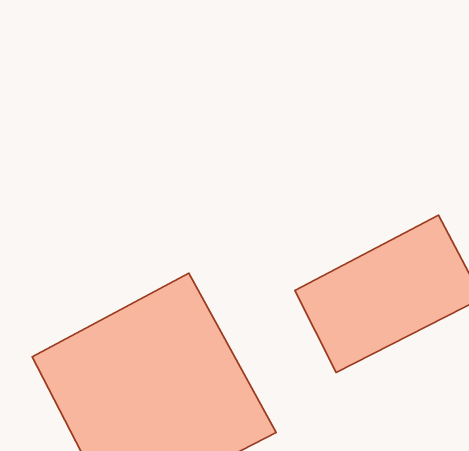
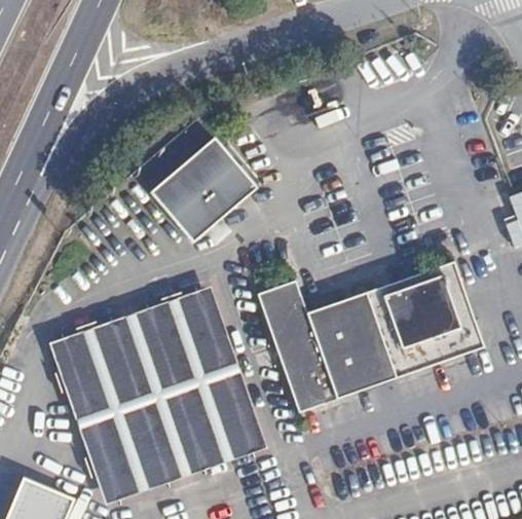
building: none -> [147,137,255,243]
building: none -> [253,277,336,413]

